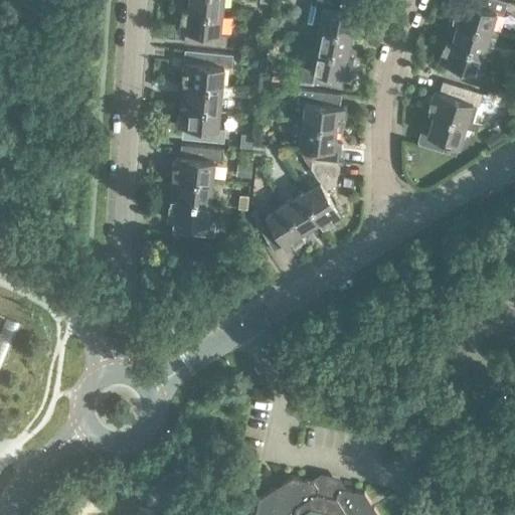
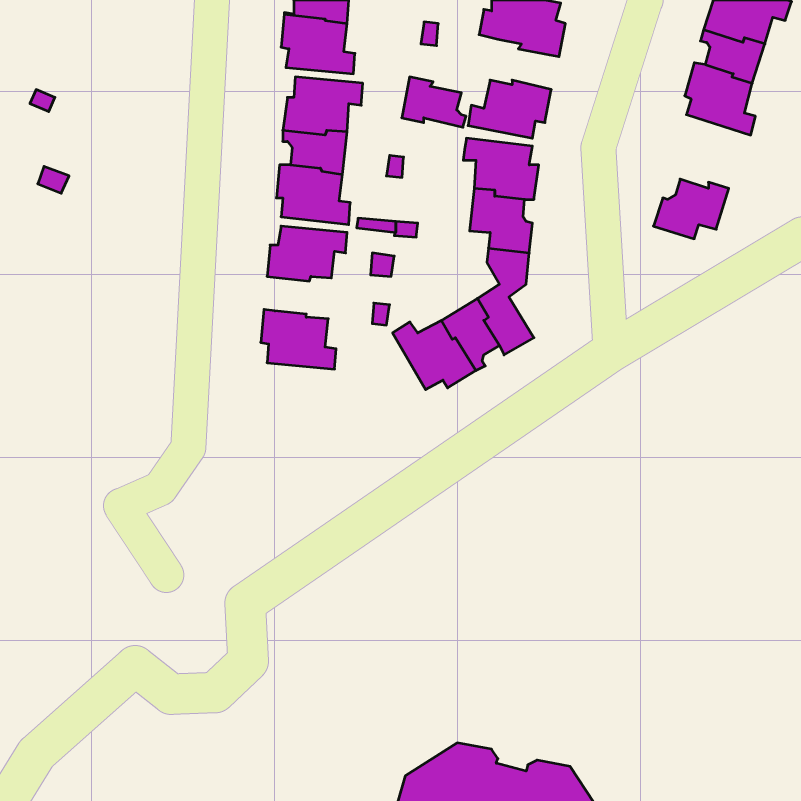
building: [315,26,356,58] -> [402,77,466,127]
building: [430,82,484,122] -> none
building: [172,178,213,205] -> none

